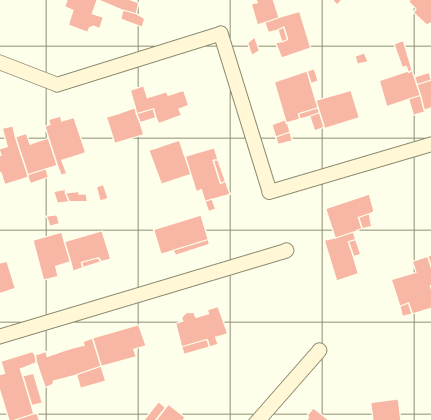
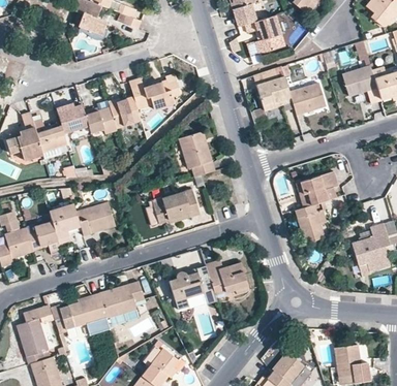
building: none -> [87,107,119,134]
building: [149,140,191,184] -> none
building: none -> [29,221,61,254]
building: none -> [206,260,249,294]

